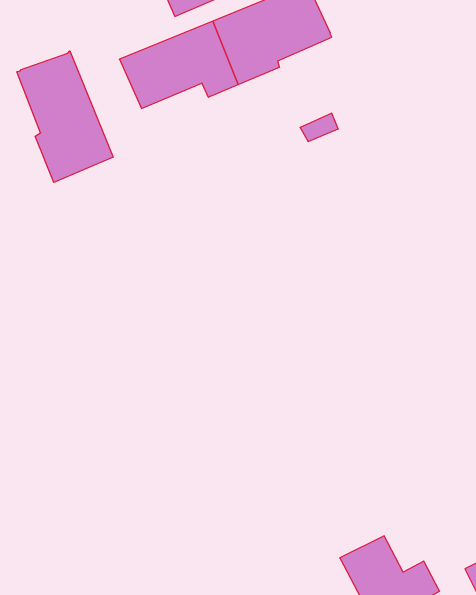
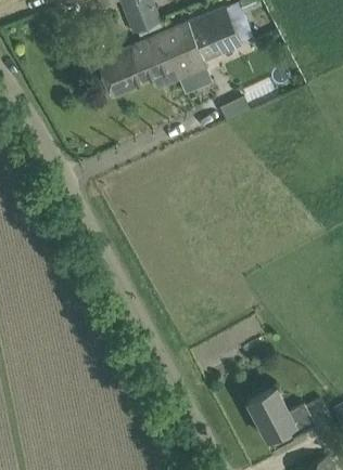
building: [17,51,113,182] -> none

